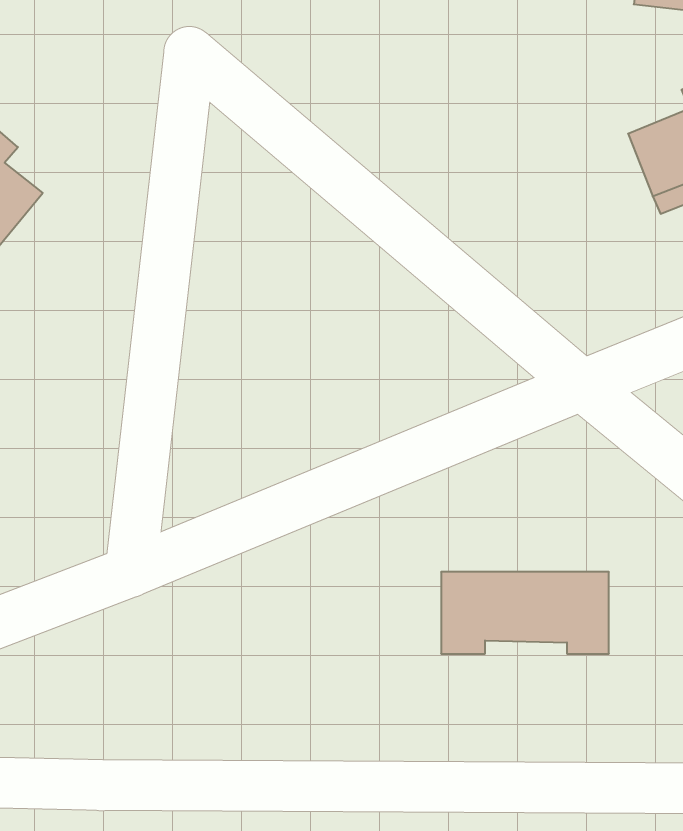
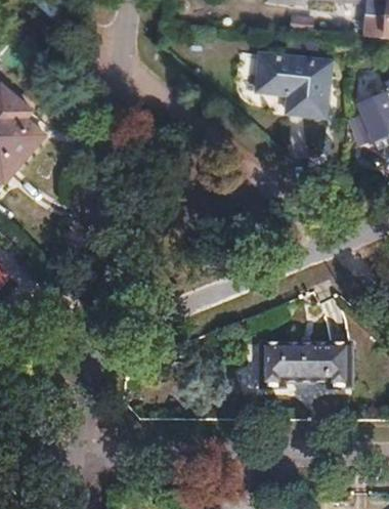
building: none -> [254,52,328,116]

